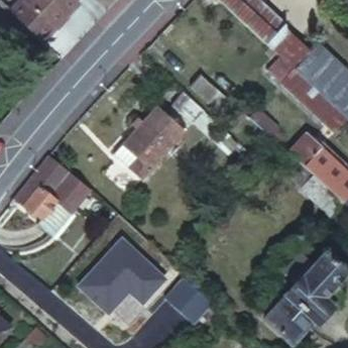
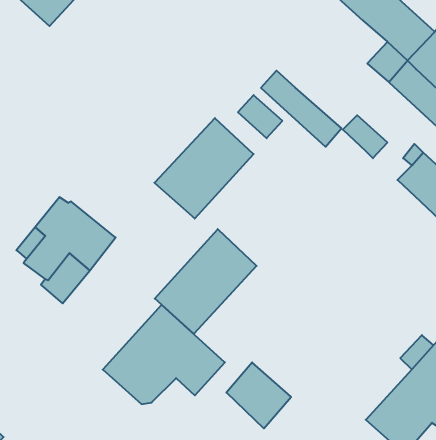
building: none -> [155,229,257,334]

